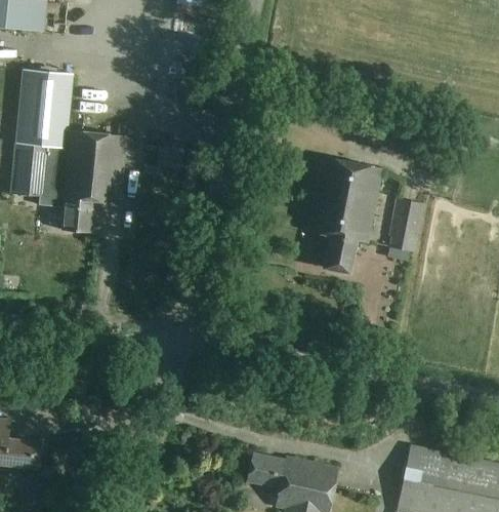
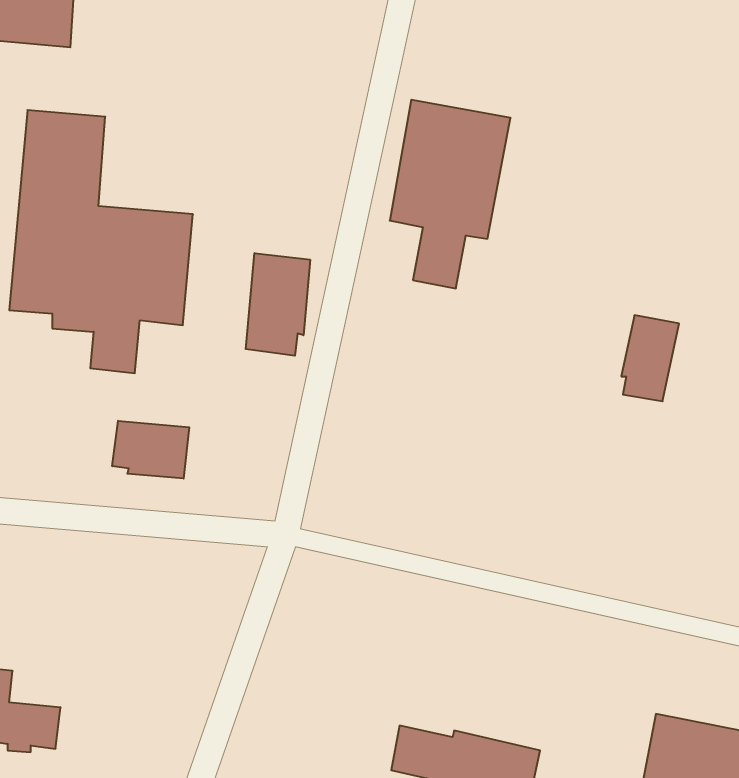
building: [306,157,381,274] -> [390,100,511,288]
building: none -> [246,253,310,356]
building: none -> [112,421,189,479]

